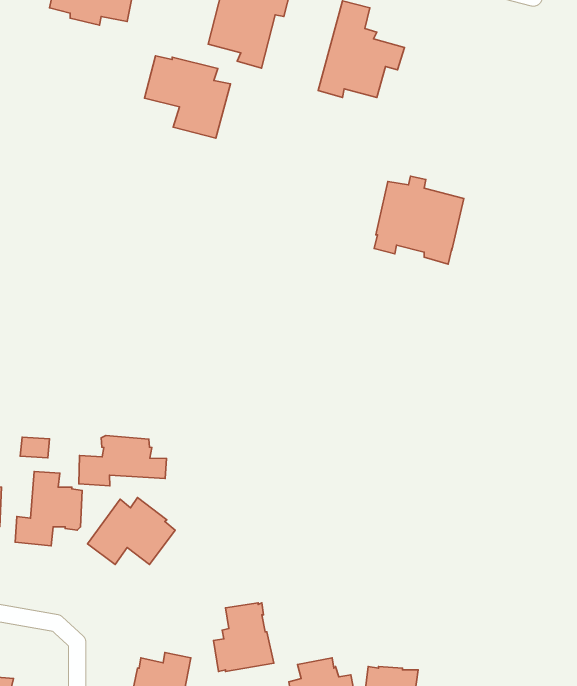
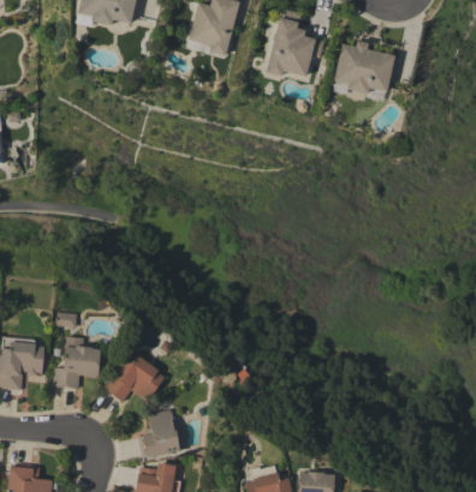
building: [145,56,231,138] -> none
building: [374,176,464,264] -> [332,41,394,102]
building: [79,436,166,486] -> none
building: [213,603,274,672] -> [138,410,180,458]

